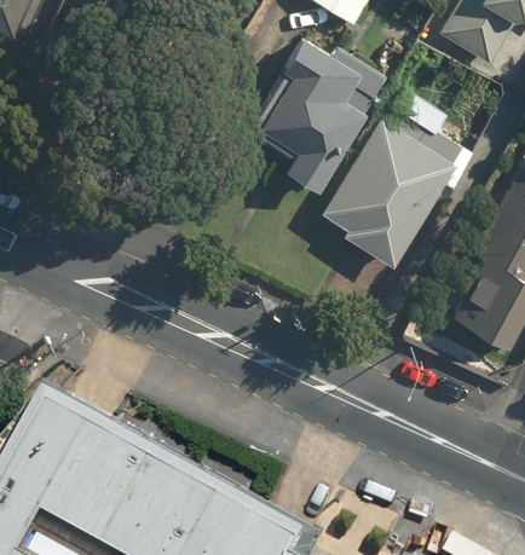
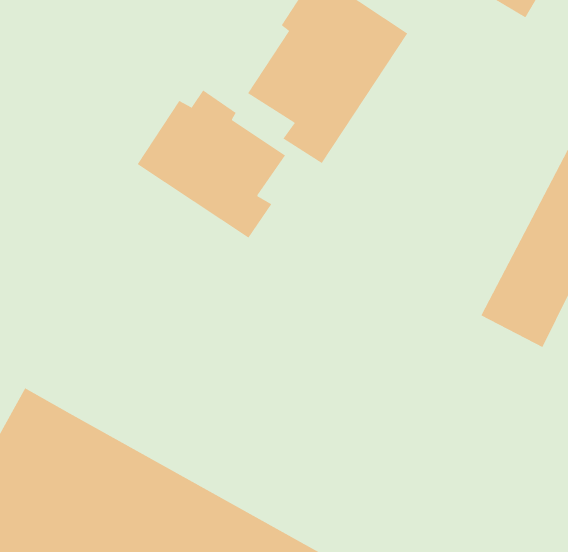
building: [319,87,473,268] -> none
building: none -> [137,90,286,238]

